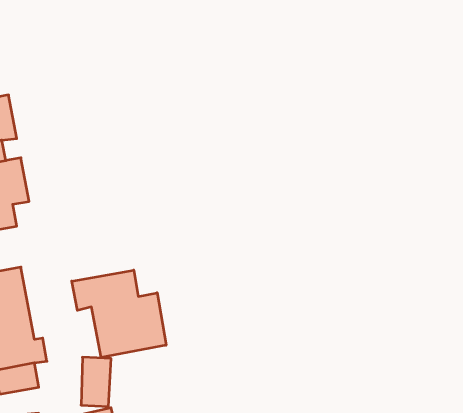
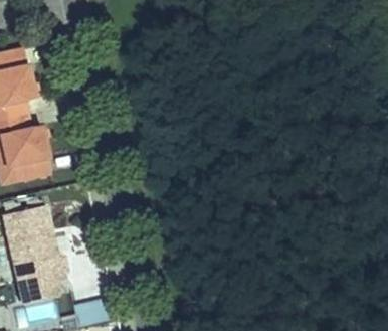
building: [72,270,166,357] -> none

